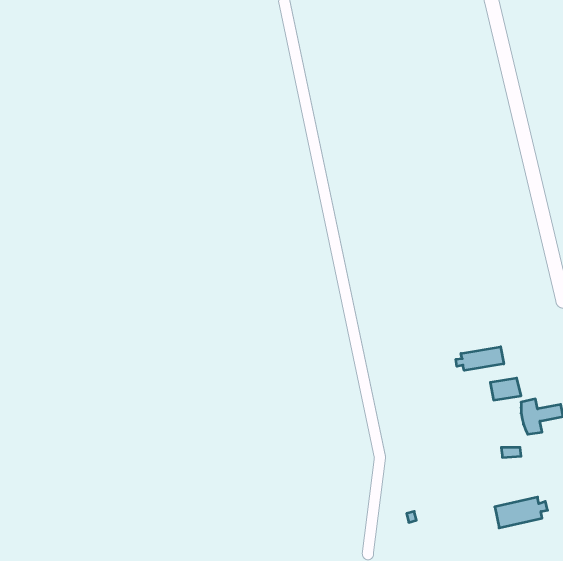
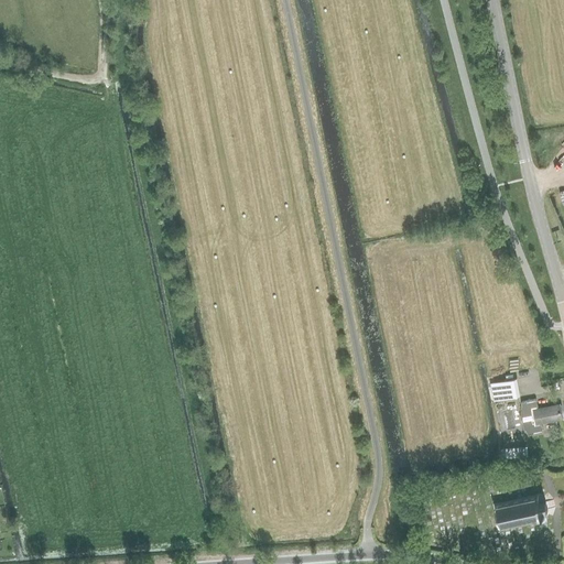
building: [456,347,504,370] -> none

